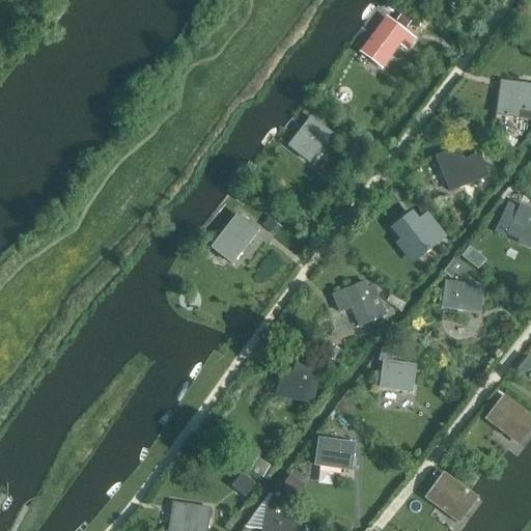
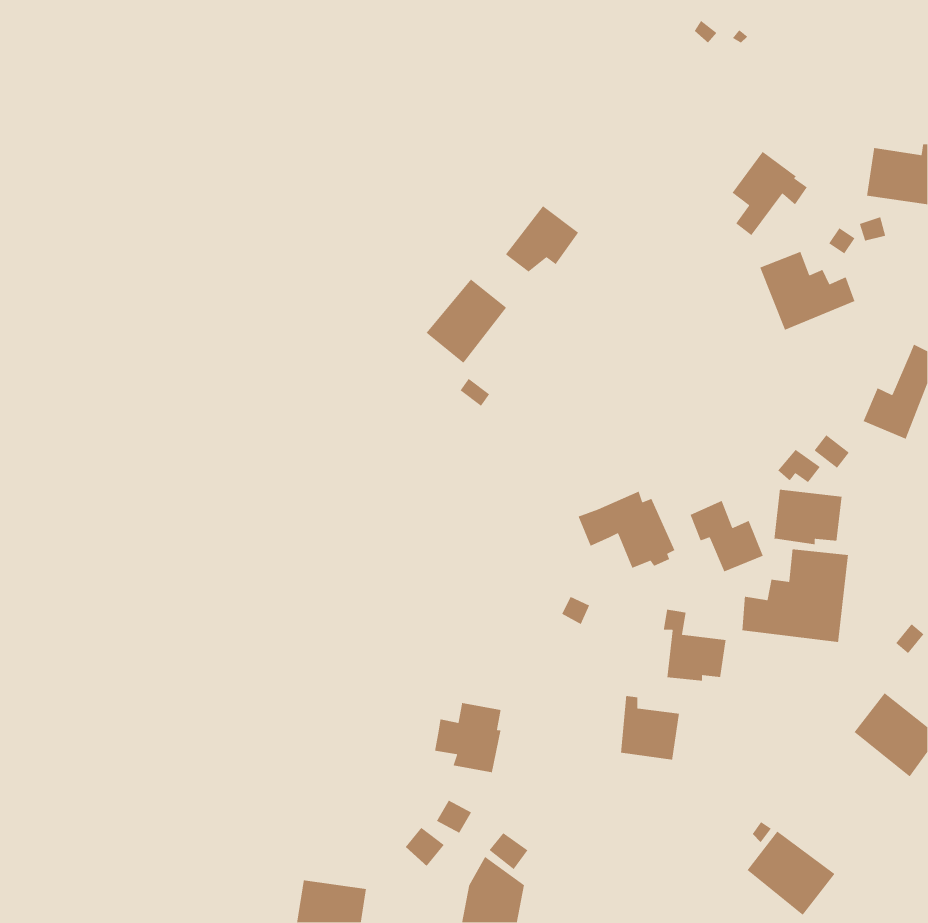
building: [369,16,413,64] -> [732,151,808,236]
building: [209,213,256,261] -> [425,278,507,364]
building: [399,213,442,254] -> [689,500,764,573]
building: none -> [741,549,849,643]
building: [279,361,317,401] -> [434,702,501,773]
building: [320,432,355,470] -> [620,695,680,760]

